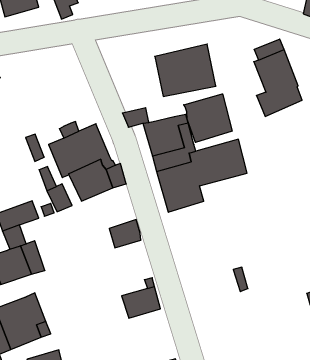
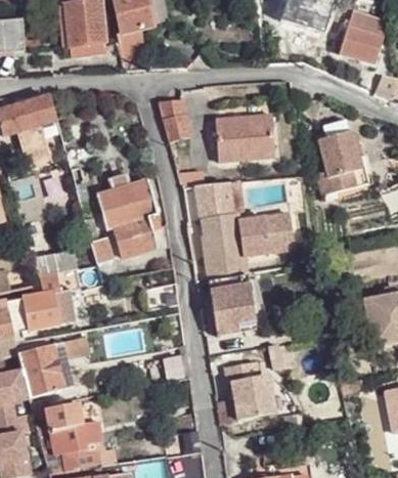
building: none -> [158,99,189,141]
building: [184,94,232,142] -> none
building: none -> [207,275,252,328]
building: none -> [223,362,273,421]

